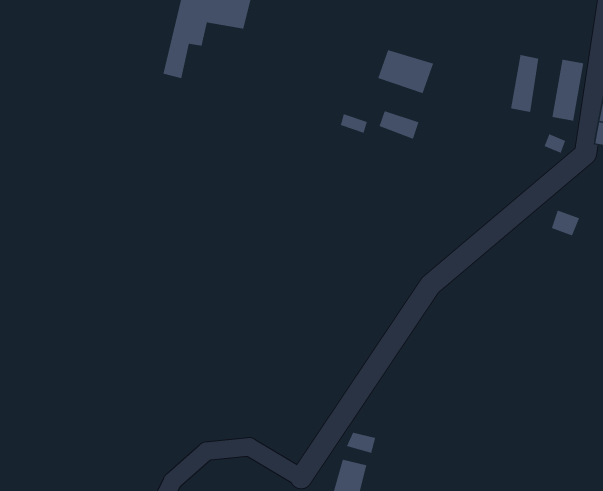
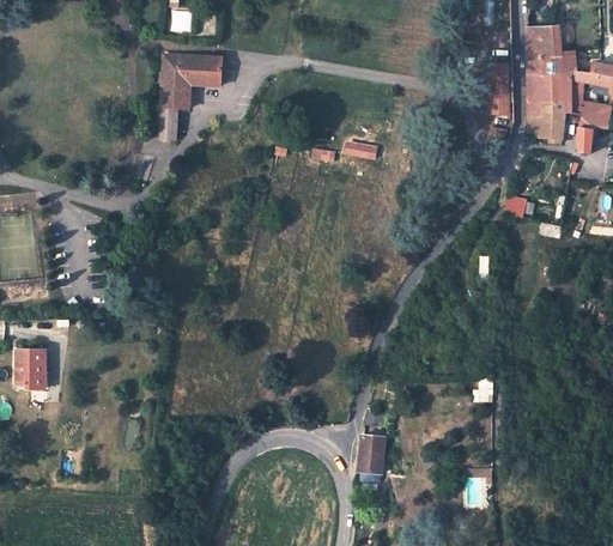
building: [377,49,434,94] -> none
building: [510,54,539,113] -> none

